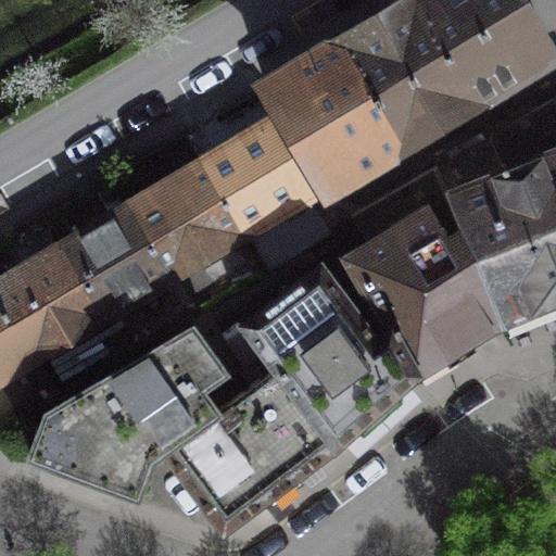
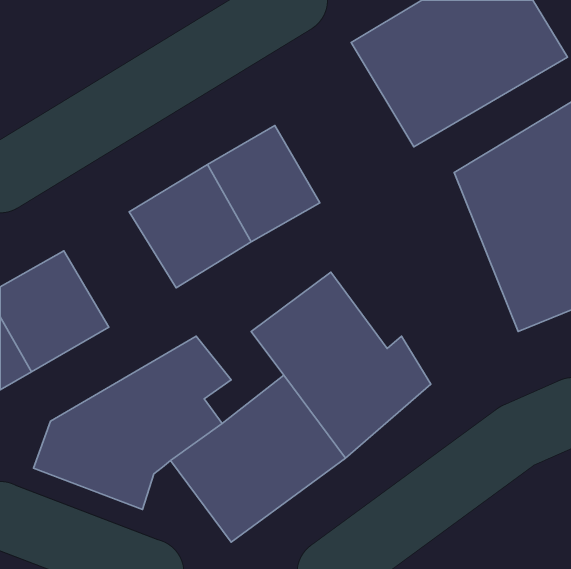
building: [266,45,403,190] -> none
building: [348,167,504,376] -> none
building: [64,208,173,320] -> none

